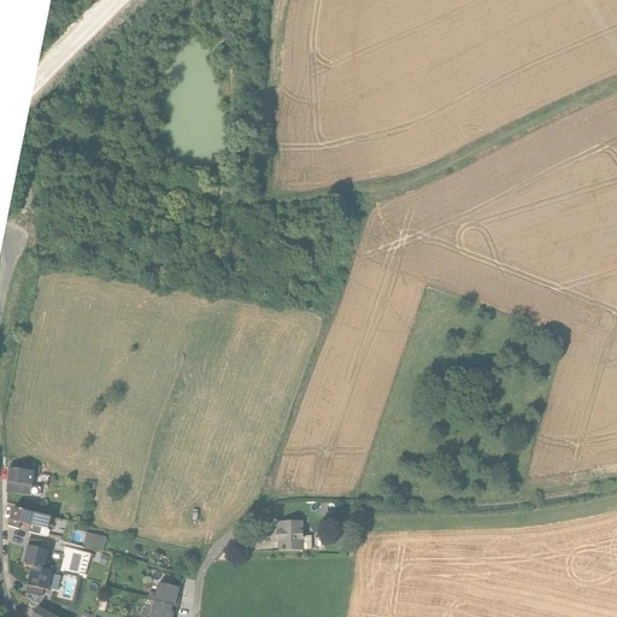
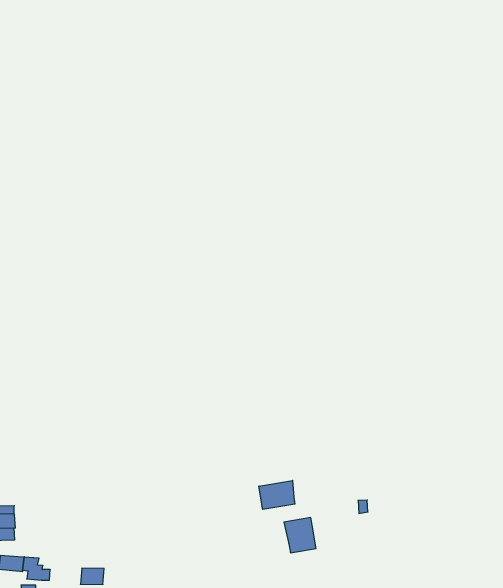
building: none -> [259,480,295,509]

